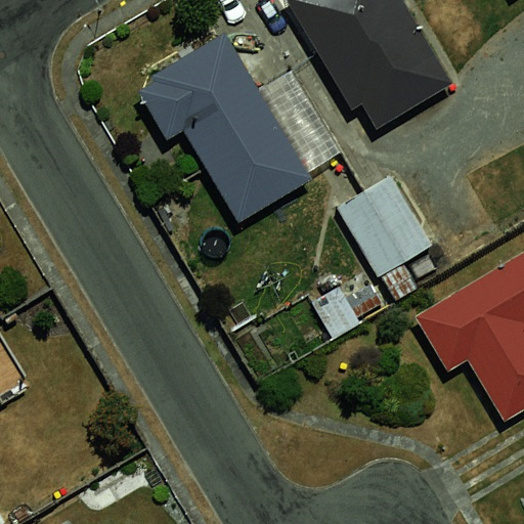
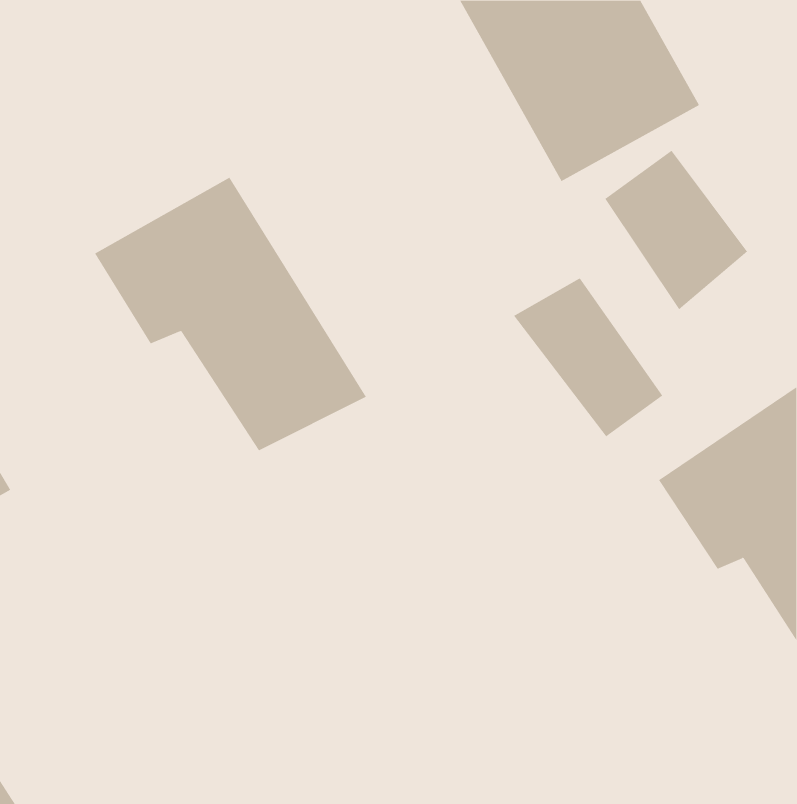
building: [138,37,313,213] -> [94,177,367,451]
building: none -> [604,150,748,310]

